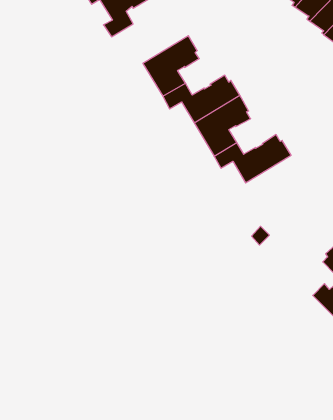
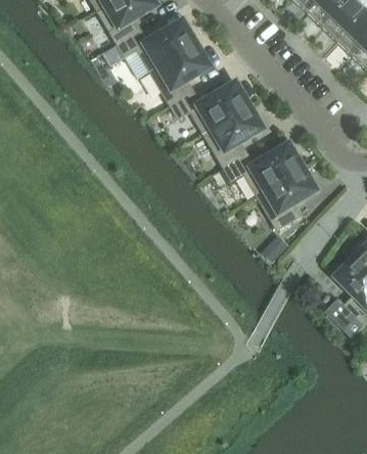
building: none -> [119,20,198,70]
building: none -> [258,165,316,227]

